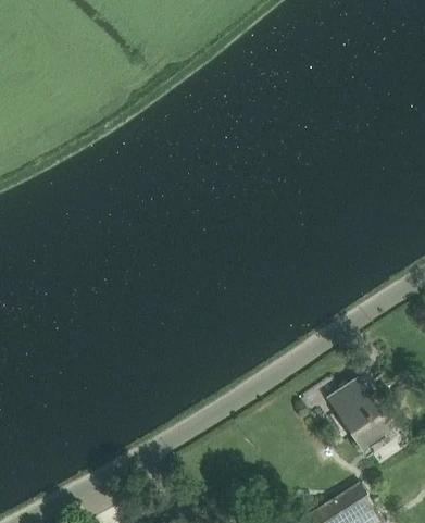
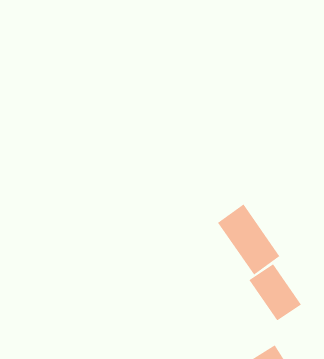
building: none -> [217,203,280,276]

